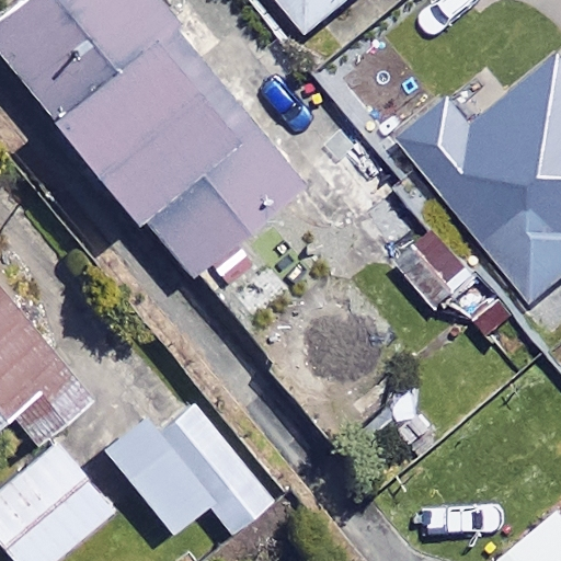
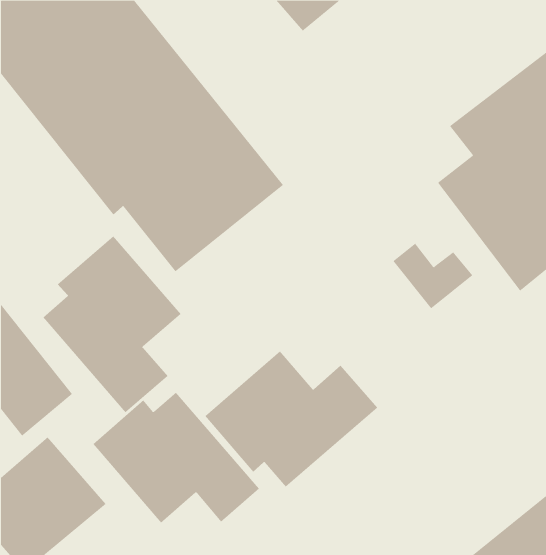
building: none -> [42,236,182,413]
building: none -> [205,350,378,488]

